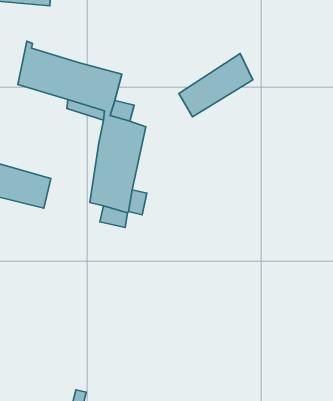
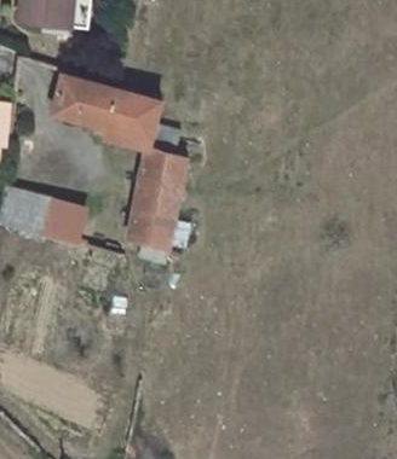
building: [179,53,253,117] -> none

